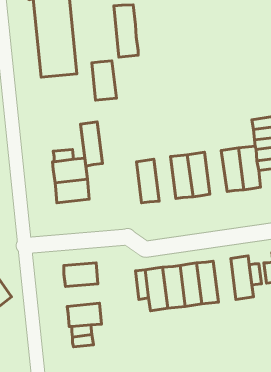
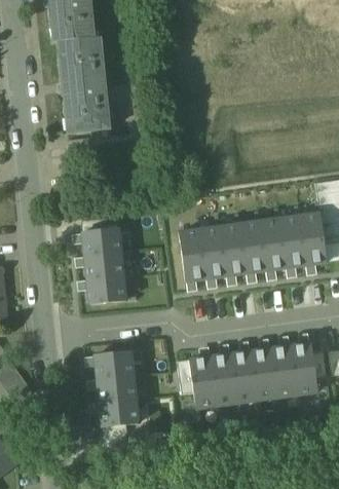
building: [114,5,138,57] -> none
building: [92,61,117,100] -> none
building: [81,122,102,166] -> [199,226,225,278]
building: none -> [259,219,286,270]
building: none -> [85,276,126,304]
building: none -> [269,346,296,398]
building: none -> [96,376,136,403]

